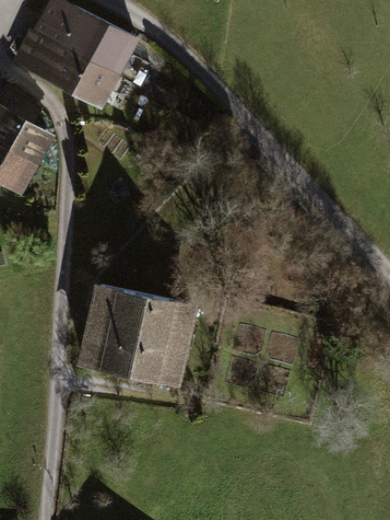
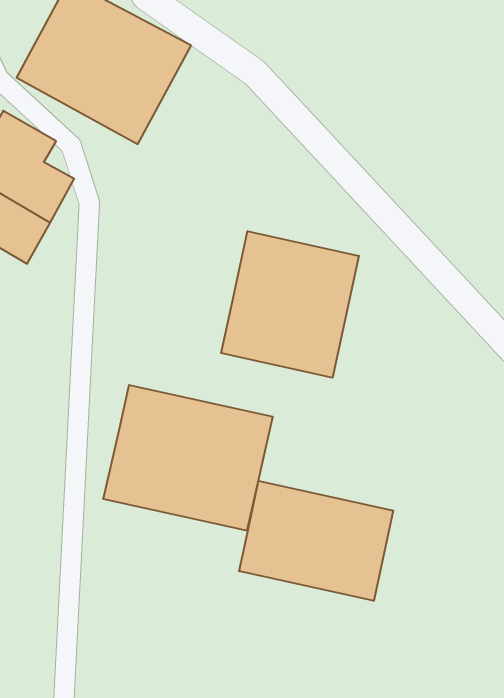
building: none -> [221,231,359,378]
building: none -> [239,481,393,601]

